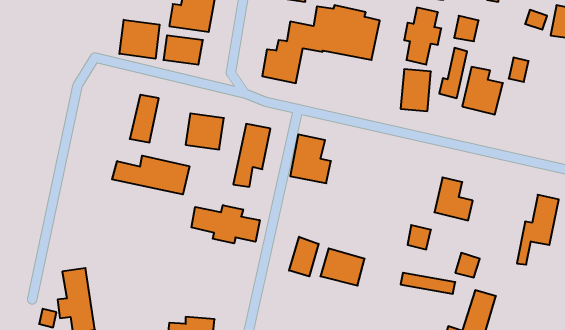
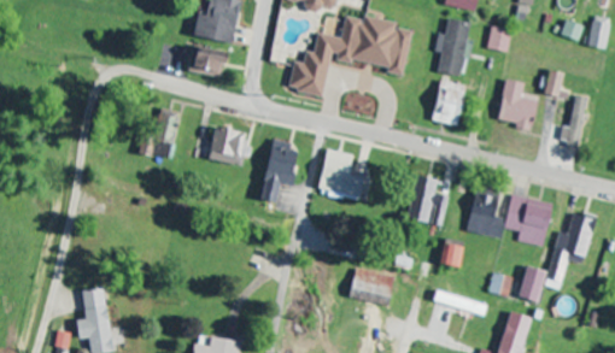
building: [119,20,160,59] -> none
building: [439,48,467,98] -> [560,94,588,146]
building: [112,156,189,194] -> none
building: none -> [405,173,449,225]
building: none -> [505,193,555,246]
building: [191,205,260,243] -> none
building: [289,237,319,276] -> none
building: none -> [516,265,545,301]

